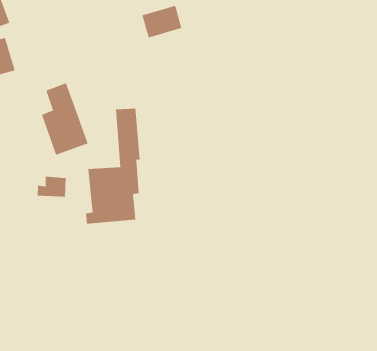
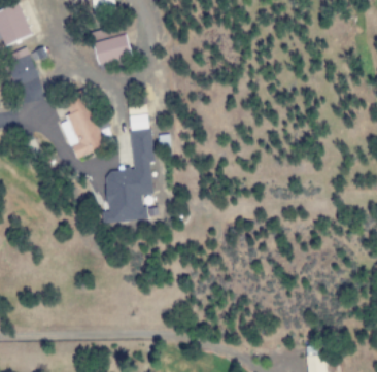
building: [141,5,182,38] -> [93,35,131,66]
building: [37,176,66,197] -> none

